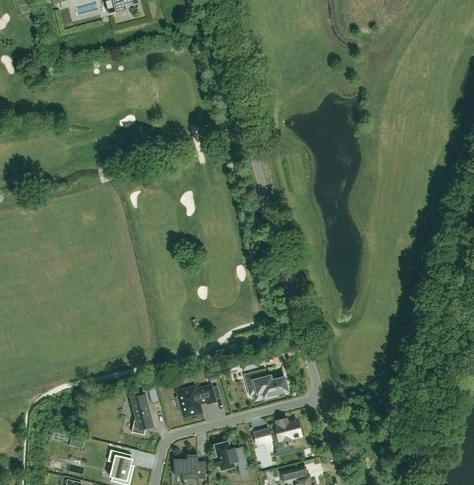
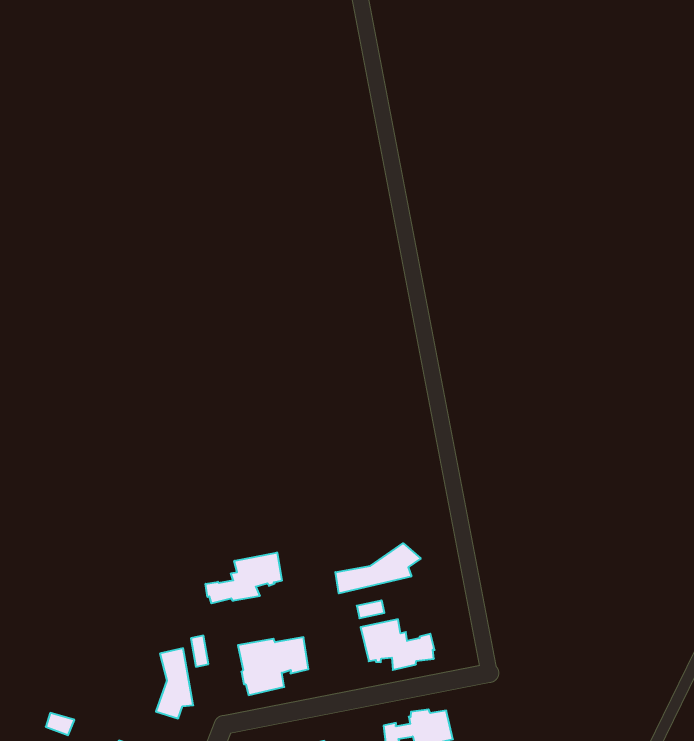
building: none -> [335,543,421,593]
building: none -> [206,552,282,603]

